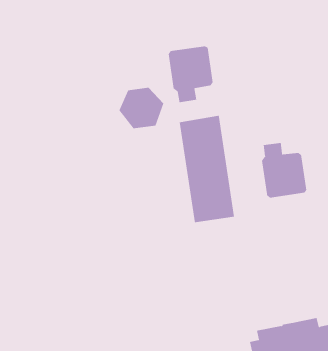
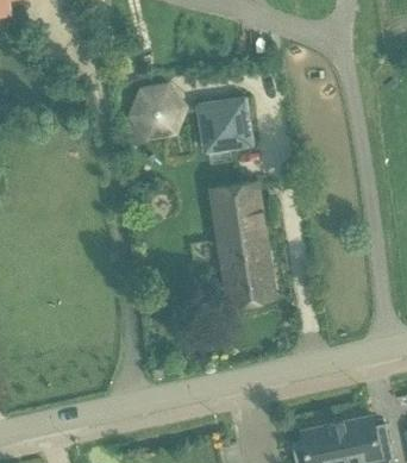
building: [118,87,164,129] -> [131,87,184,136]
building: [262,142,307,198] -> none

